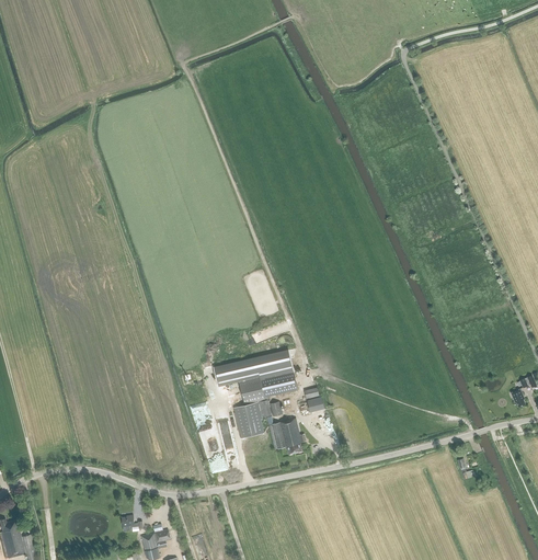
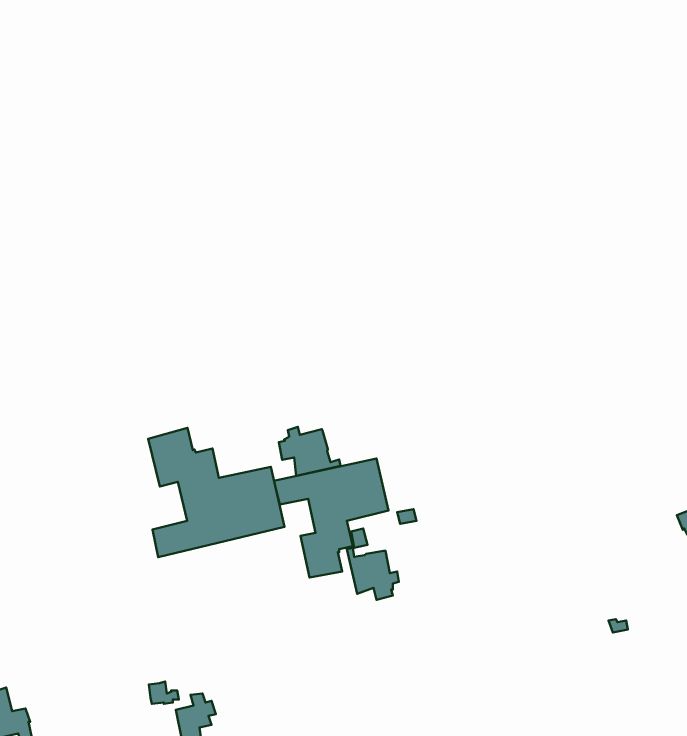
building: none -> [279,427,341,476]
building: none -> [148,428,284,557]

